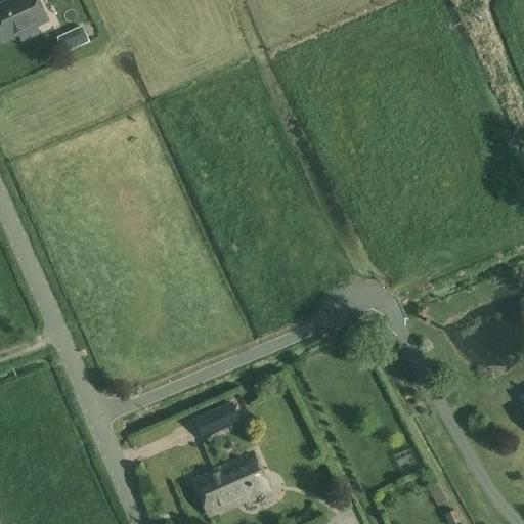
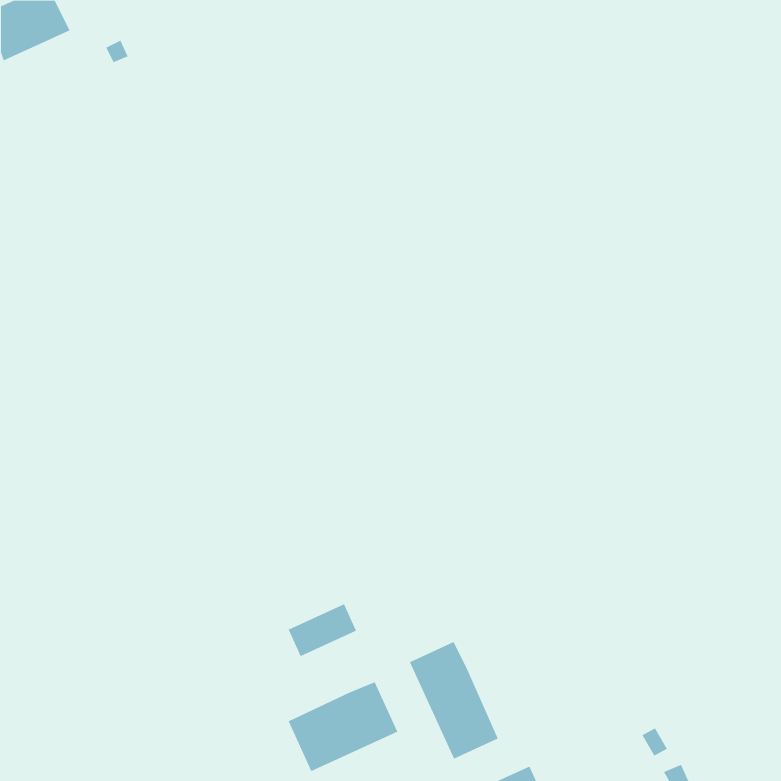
building: none -> [409,641,499,759]

